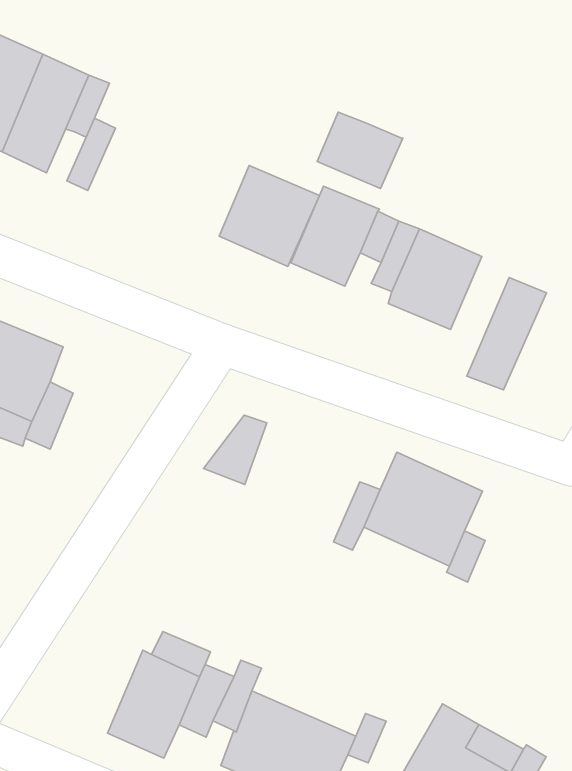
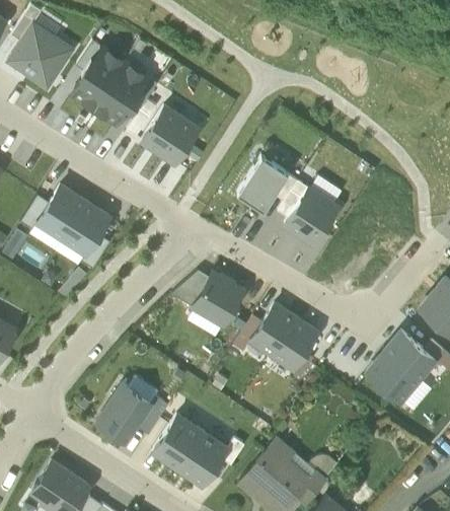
building: [317,112,403,189] -> none
building: [219,165,320,266] -> [142,106,199,163]
building: [467,278,546,390] -> none
building: none -> [193,272,244,324]

